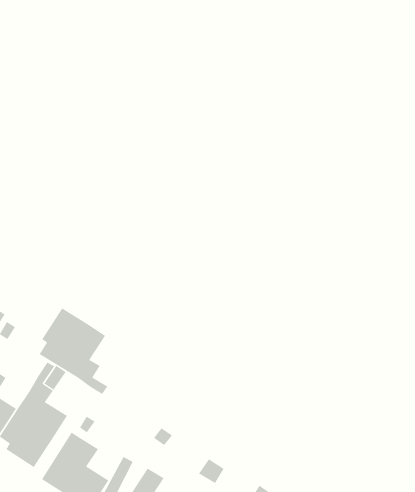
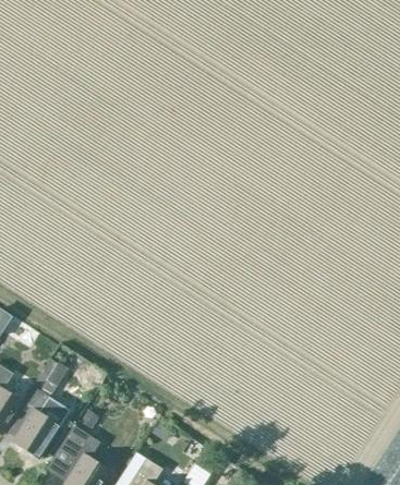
building: [39,307,108,395] -> none

